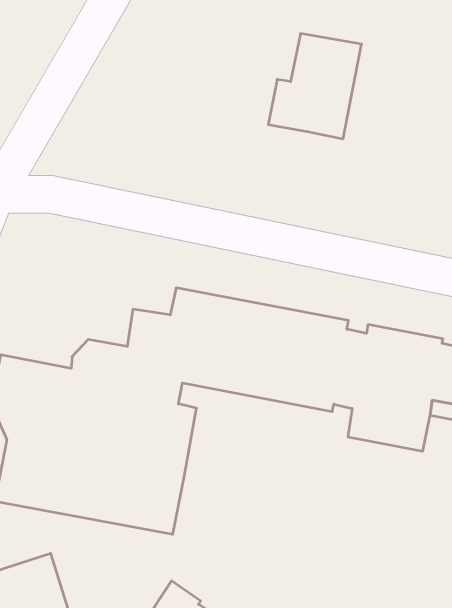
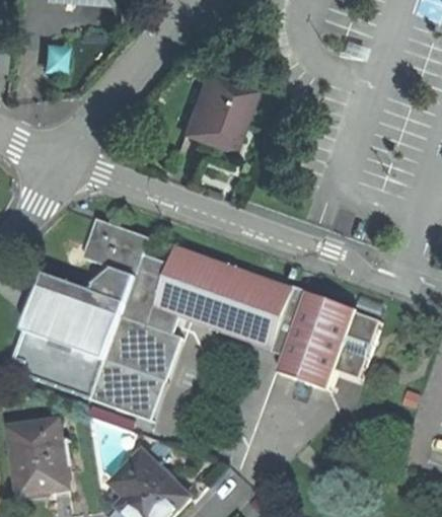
building: [268,34,362,139] -> [179,72,253,150]
building: none -> [83,220,150,282]

